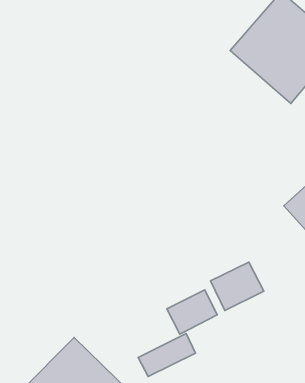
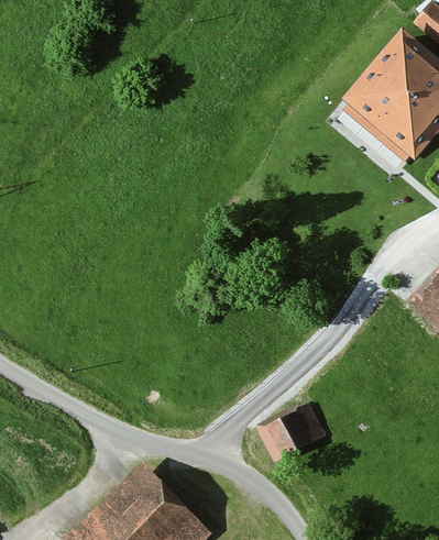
building: [211,262,264,311] -> none
building: [138,333,195,376] -> none

